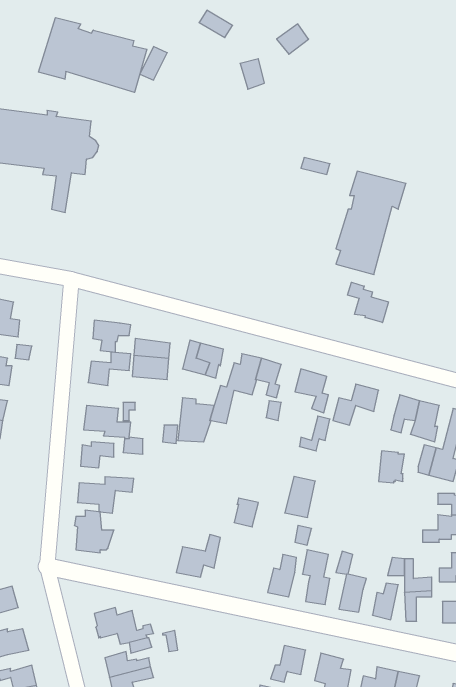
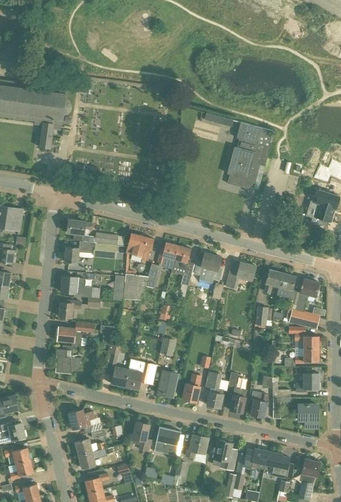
building: [39,18,147,92] -> none
building: [348,282,389,323] -> none
building: [285,476,315,517] -> [157,370,177,397]
building: none -> [106,353,126,386]
building: none -> [131,422,151,452]
building: none -> [156,427,180,450]

